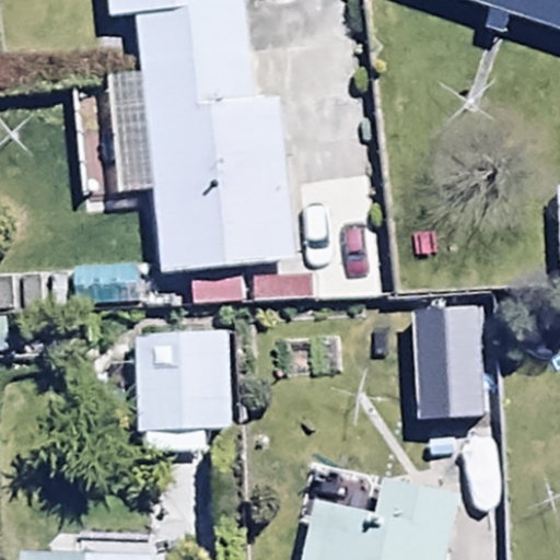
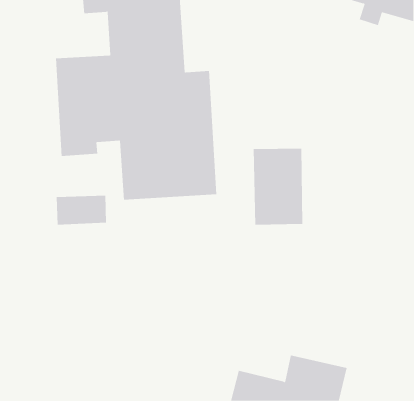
building: [418,298,486,401] -> [253,148,303,225]
building: [110,330,232,451] -> none

